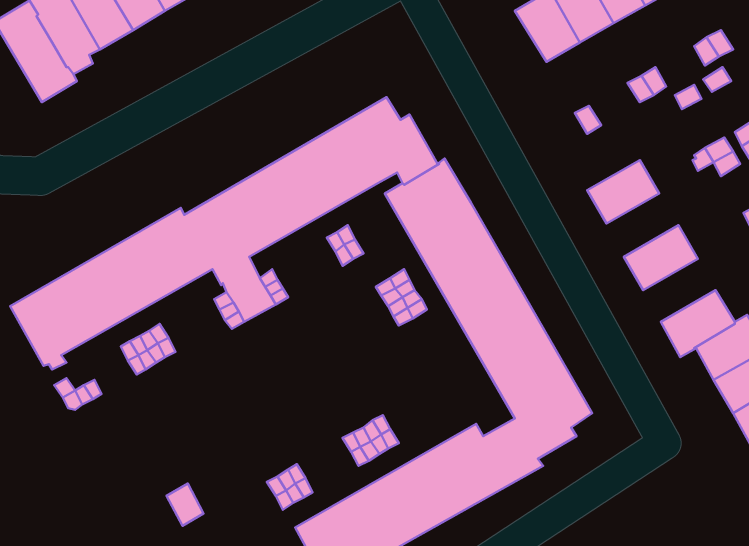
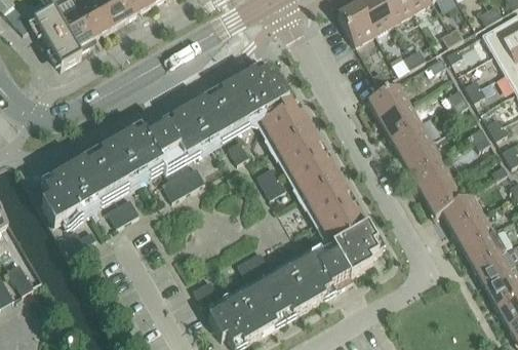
building: none -> [366,80,408,118]
building: none -> [389,120,431,157]
building: none -> [410,158,452,195]

